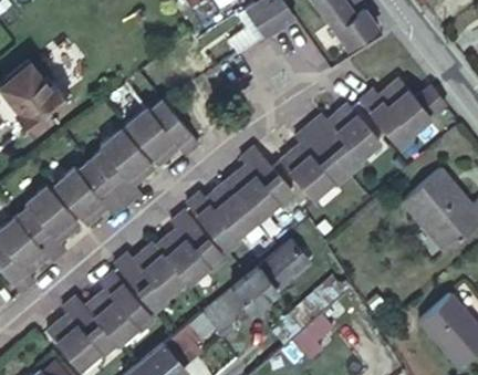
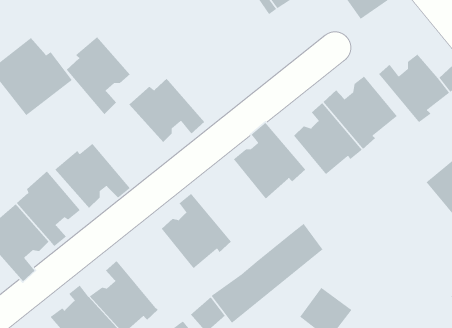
building: [89,132,150,207] -> [66,36,131,115]
building: [184,179,253,250] -> none
building: [113,242,181,311] -> none

